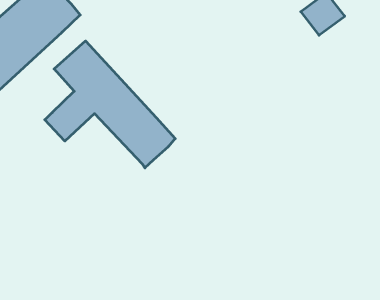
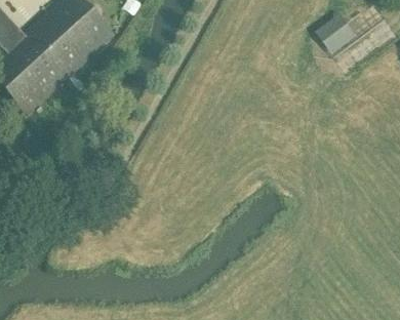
building: [45,41,175,168] -> none

